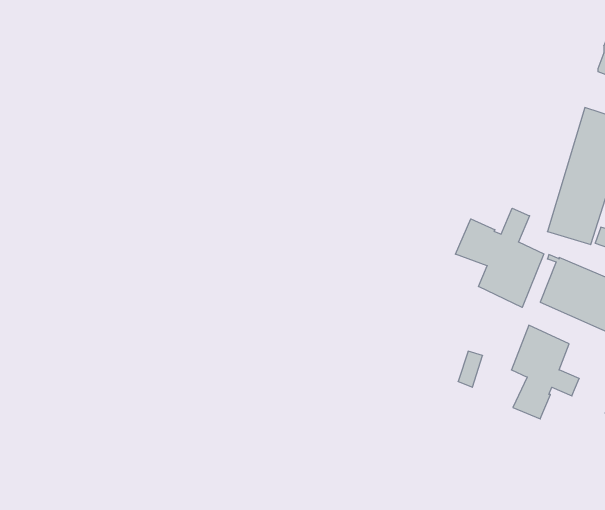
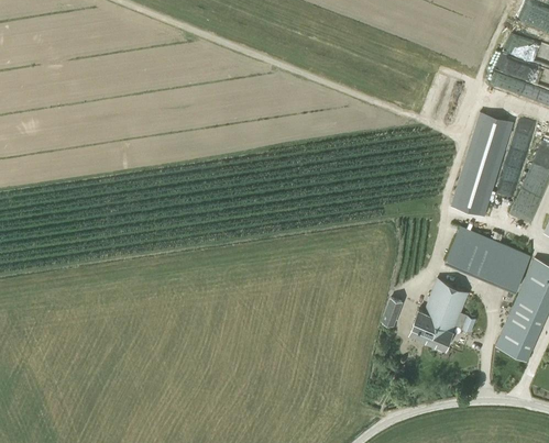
building: [455,208,544,307] -> none
building: none -> [409,311,436,342]

